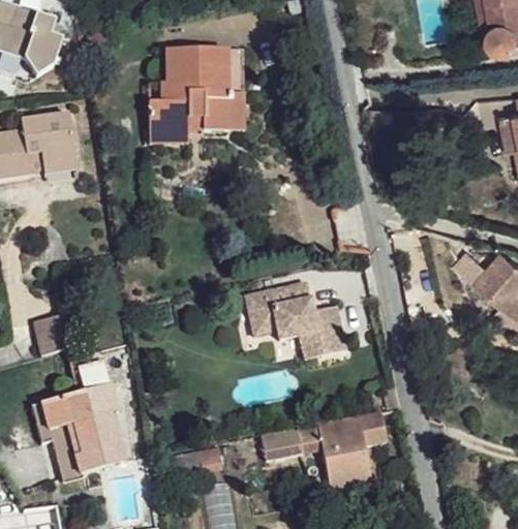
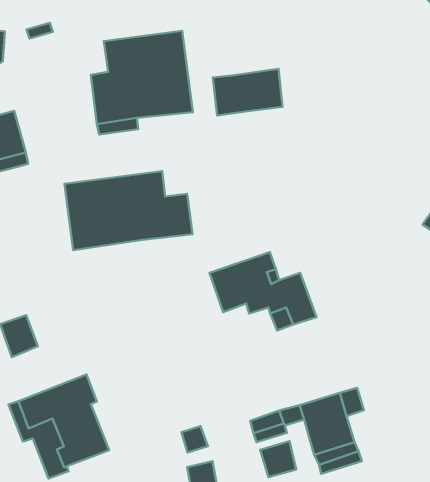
building: none -> [213,69,282,115]
building: none -> [65,171,193,250]
building: none -> [260,441,296,477]

